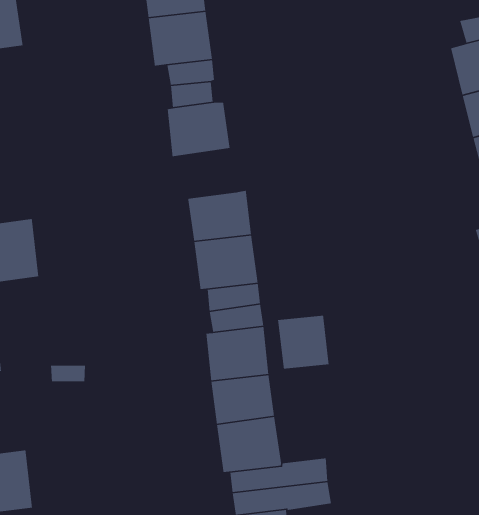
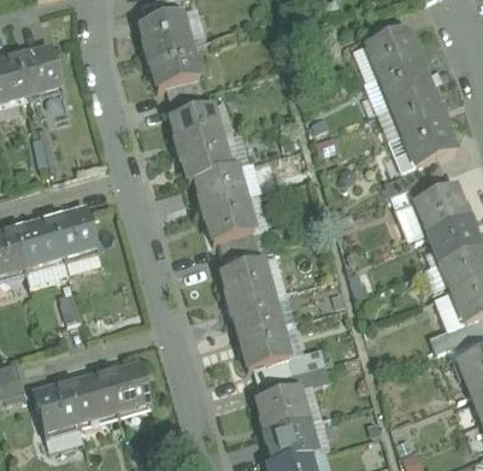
building: none -> [181,139,230,181]
building: [277,315,329,369] -> none
building: none -> [107,364,152,414]

